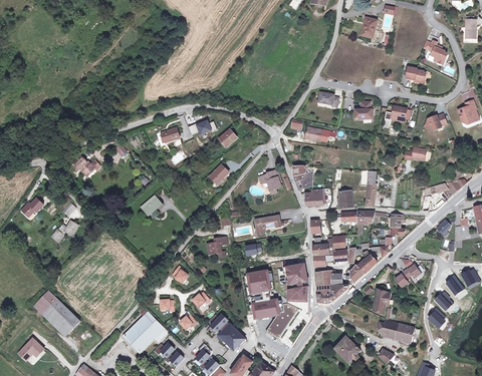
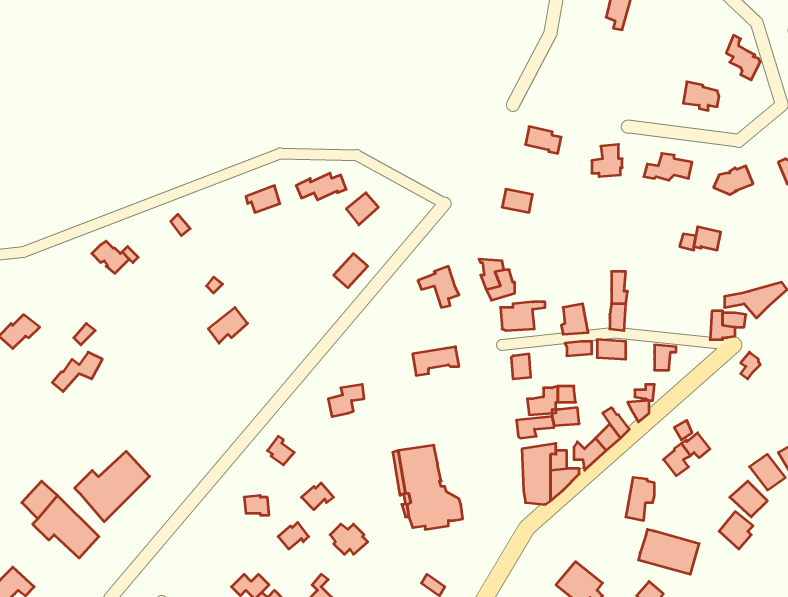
building: [283,264,307,301] -> none
building: none -> [75,451,150,522]
building: [265,303,297,340] -> none
building: [124,309,167,351] -> none
building: [218,324,245,351] -> none

